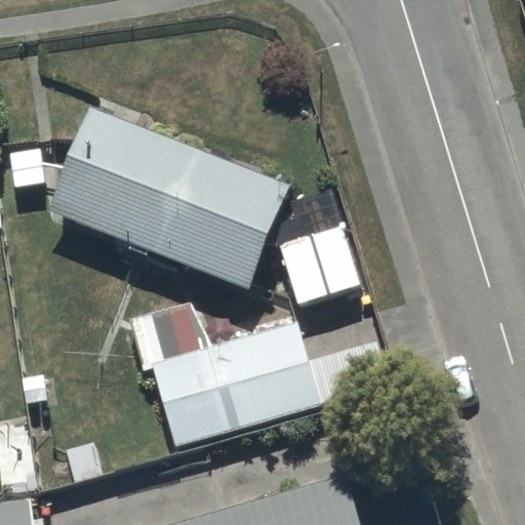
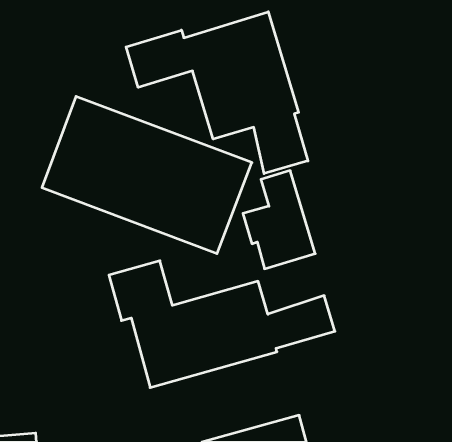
building: none -> [126,12,308,174]

